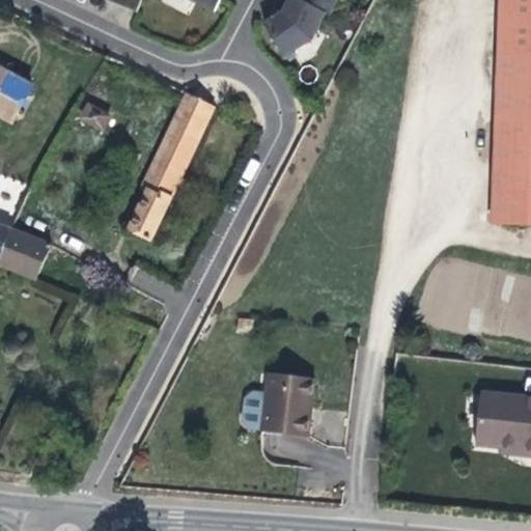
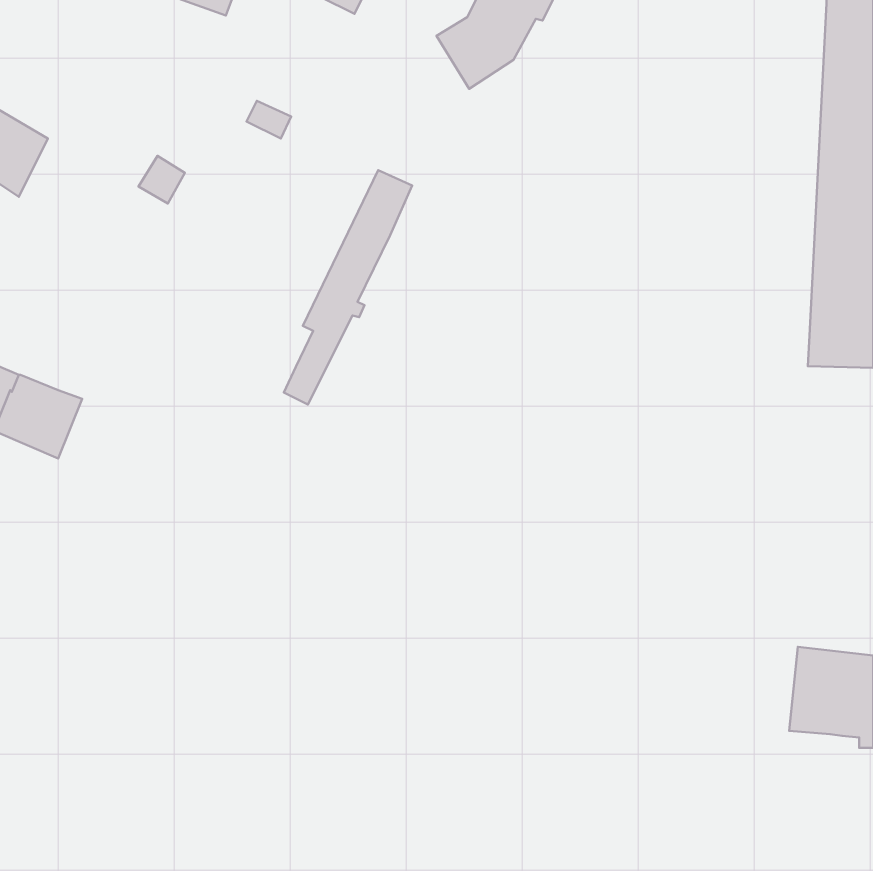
building: [136,95,214,237] -> [284,170,412,405]
building: [261,378,312,436] -> none

